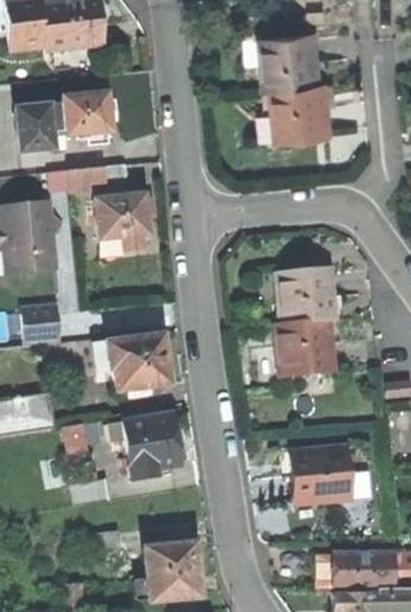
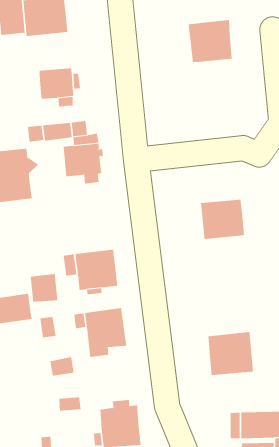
building: [272,79,332,136] -> none
building: [16,103,65,149] -> none
building: [20,304,59,342] -> [30,274,58,302]
building: [278,317,338,375] -> none

